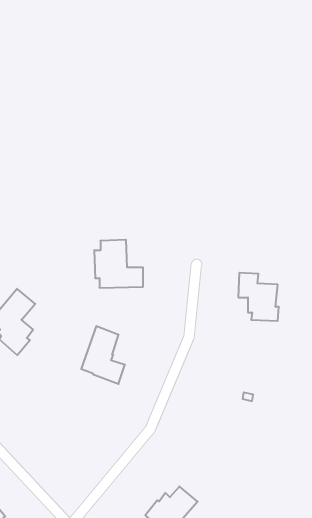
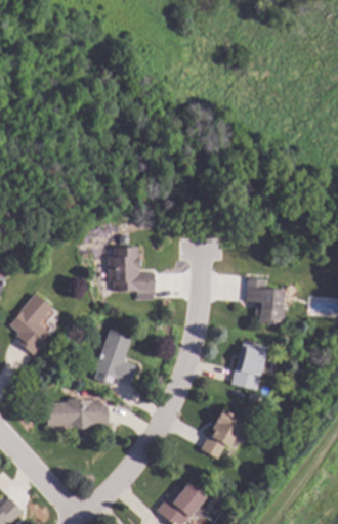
building: none -> [229,341,268,392]
building: none -> [47,399,109,427]
building: none -> [201,410,243,460]

